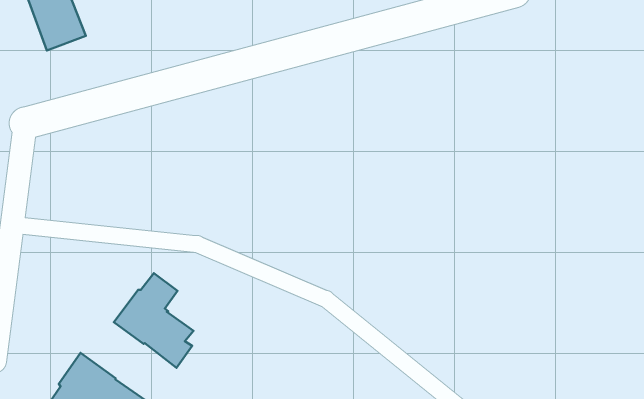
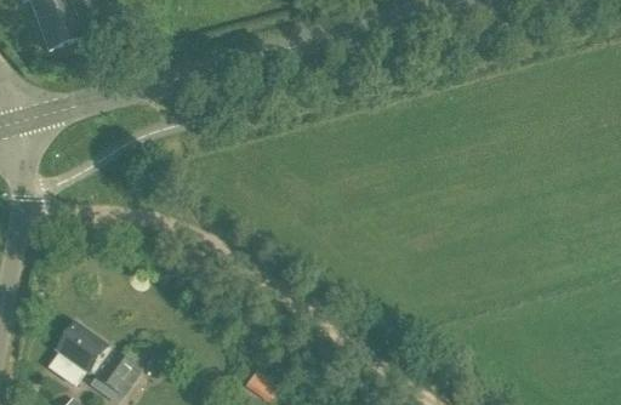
building: [114,273,193,368] -> none

